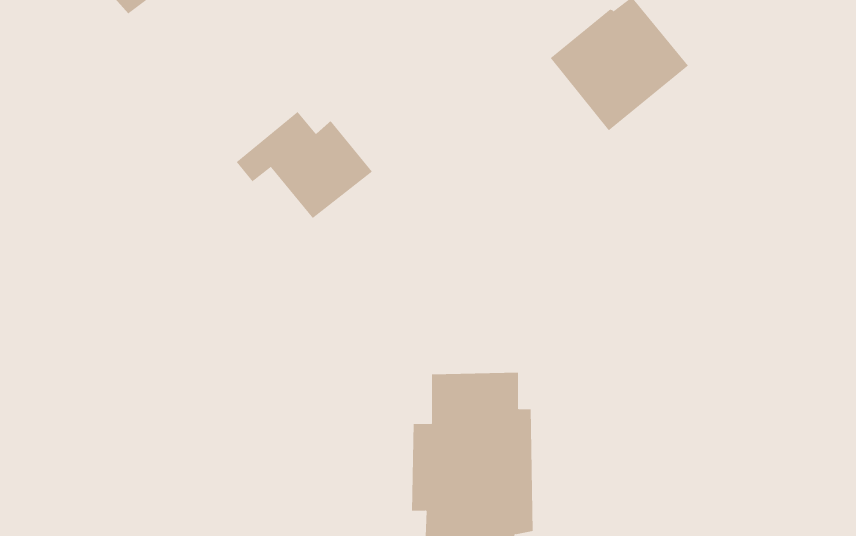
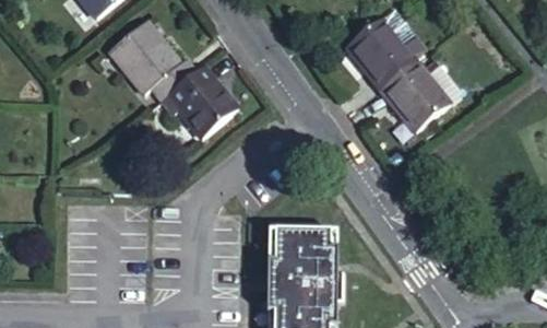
building: none -> [105,19,194,98]
building: none -> [380,40,460,118]

